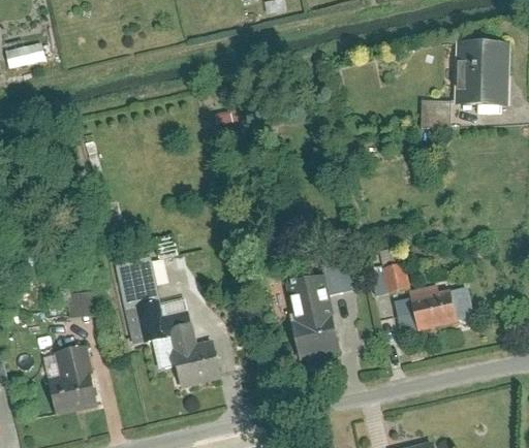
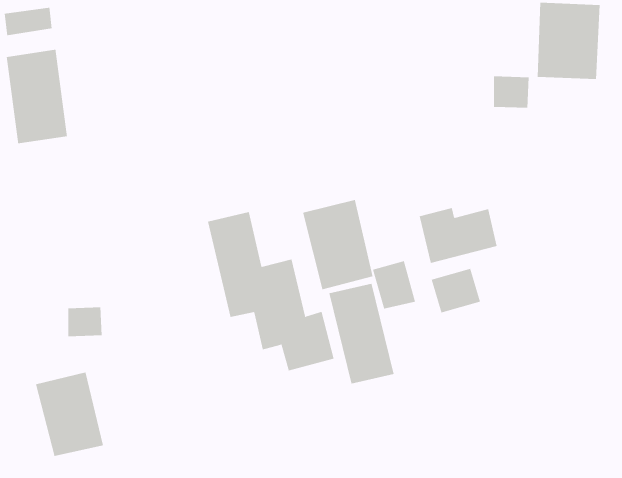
building: none -> [6,49,68,144]
building: none -> [303,199,373,290]
building: [115,256,220,388] -> [207,211,335,371]
building: [408,284,473,330] -> [419,207,497,264]

